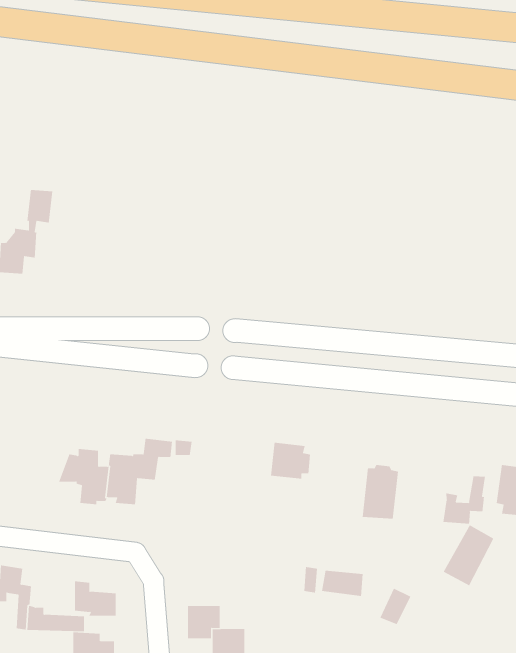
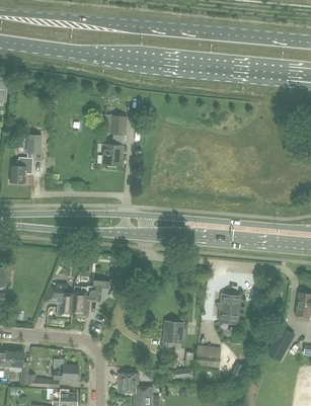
building: none -> [100,114,125,165]
building: [270,442,311,479] -> [162,320,185,341]
building: [443,476,485,524] -> none

